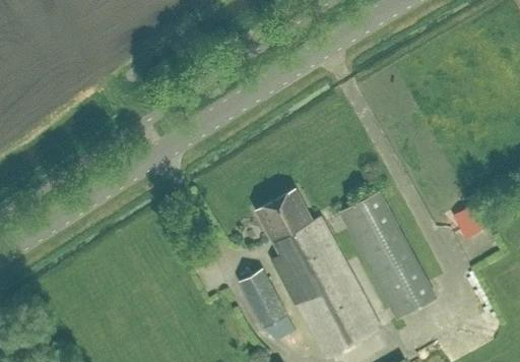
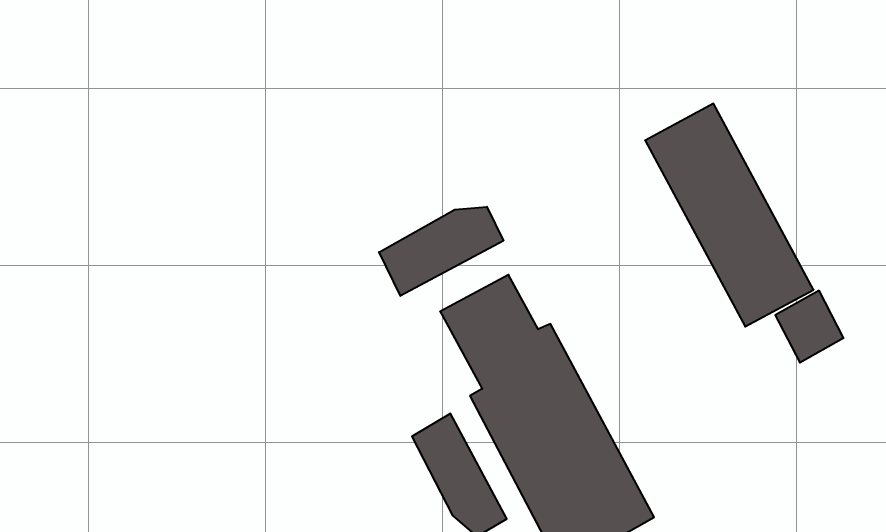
building: none -> [379,207,503,296]
building: [339,191,437,320] -> [645,104,814,327]

